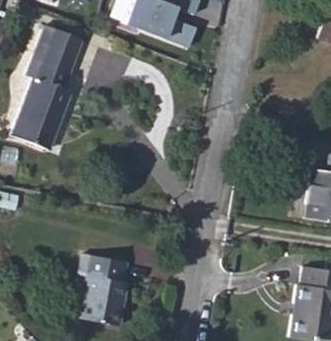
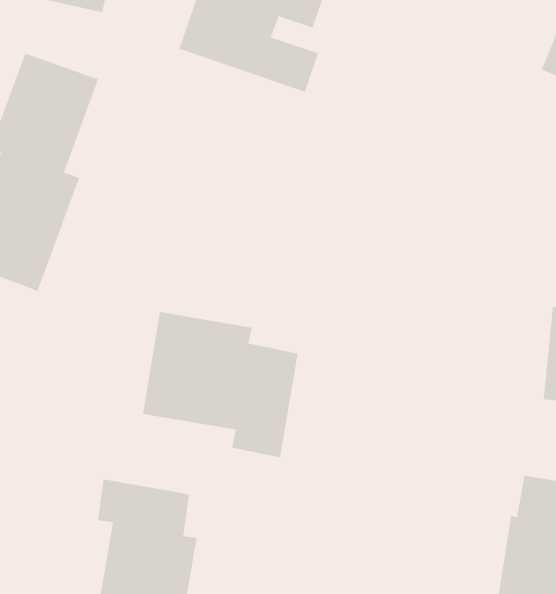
building: none -> [143,311,298,458]

